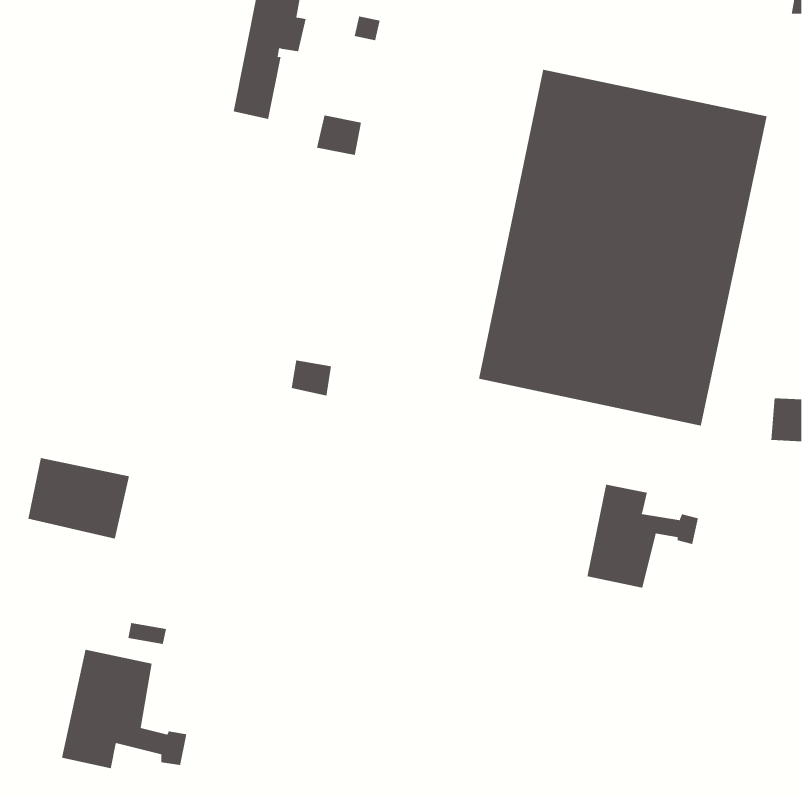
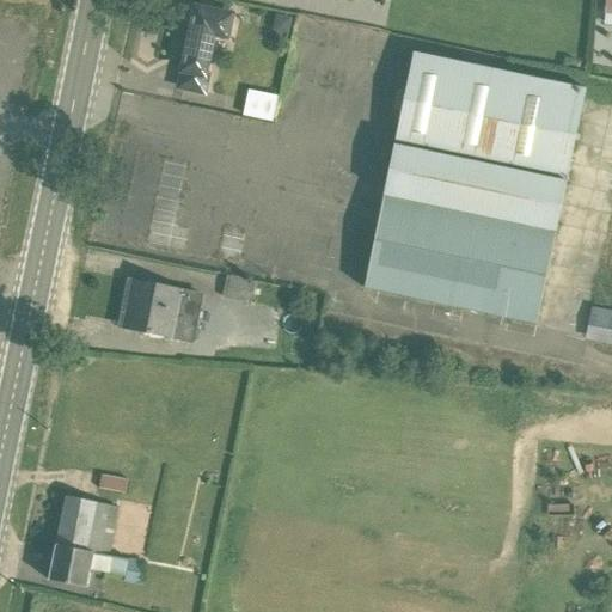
building: [27,457,130,539] -> [124,279,202,341]
building: [587,484,698,589] -> none

